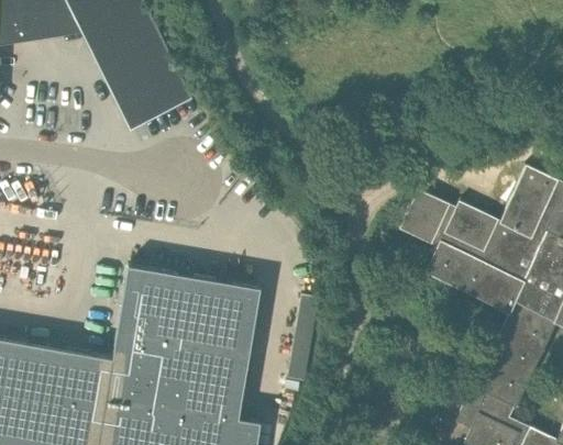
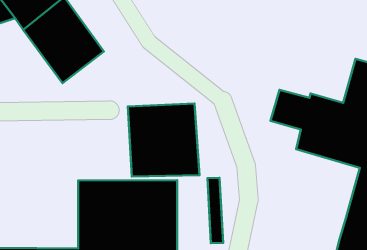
building: none -> [128,104,200,177]

